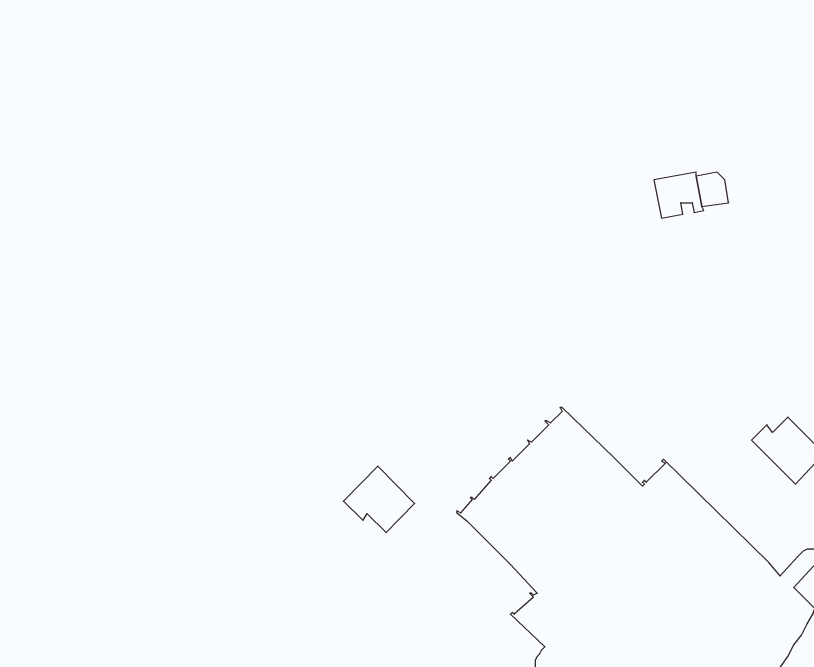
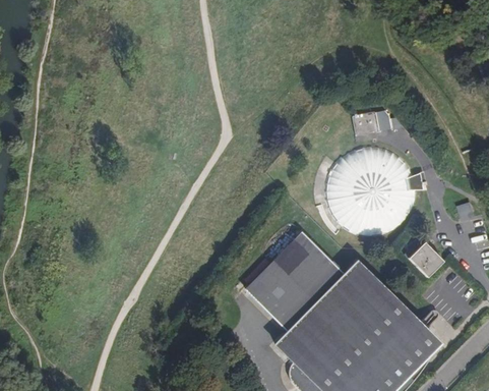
building: none -> [324,146,425,236]
building: [343,466,415,533] -> none

